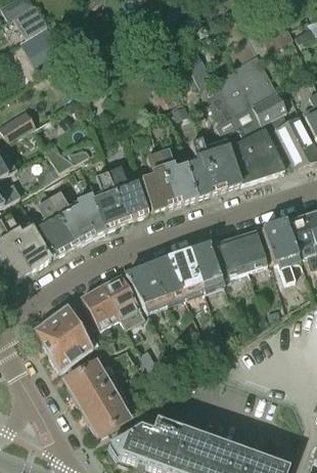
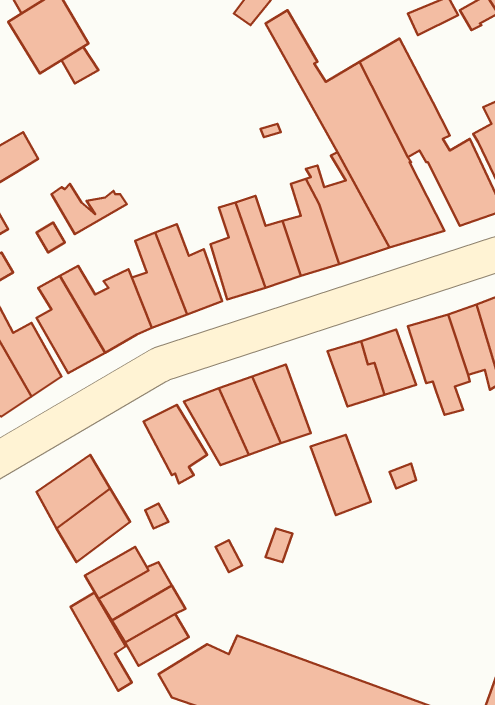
building: [187,244,224,293] -> [311,435,371,515]
building: [81,286,118,334] -> none
building: none -> [71,592,132,691]

